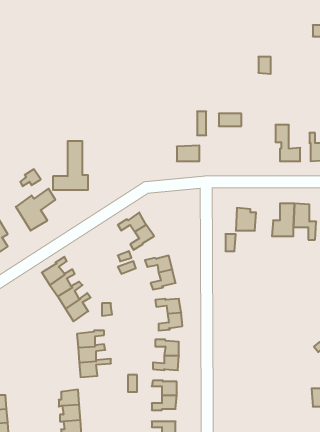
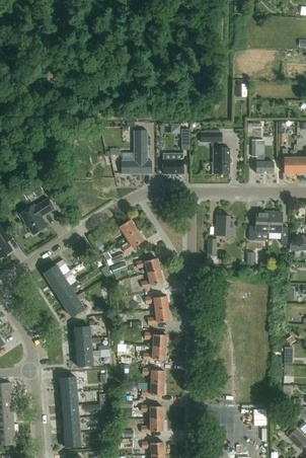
building: none -> [213,148,230,173]
building: [53,141,88,190] -> [121,130,152,173]

